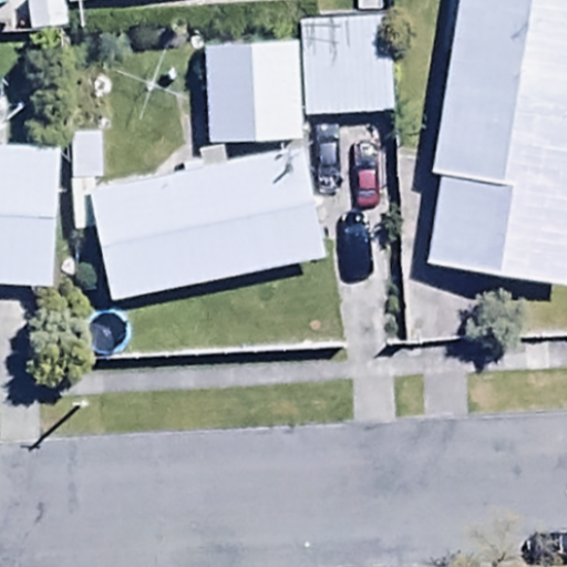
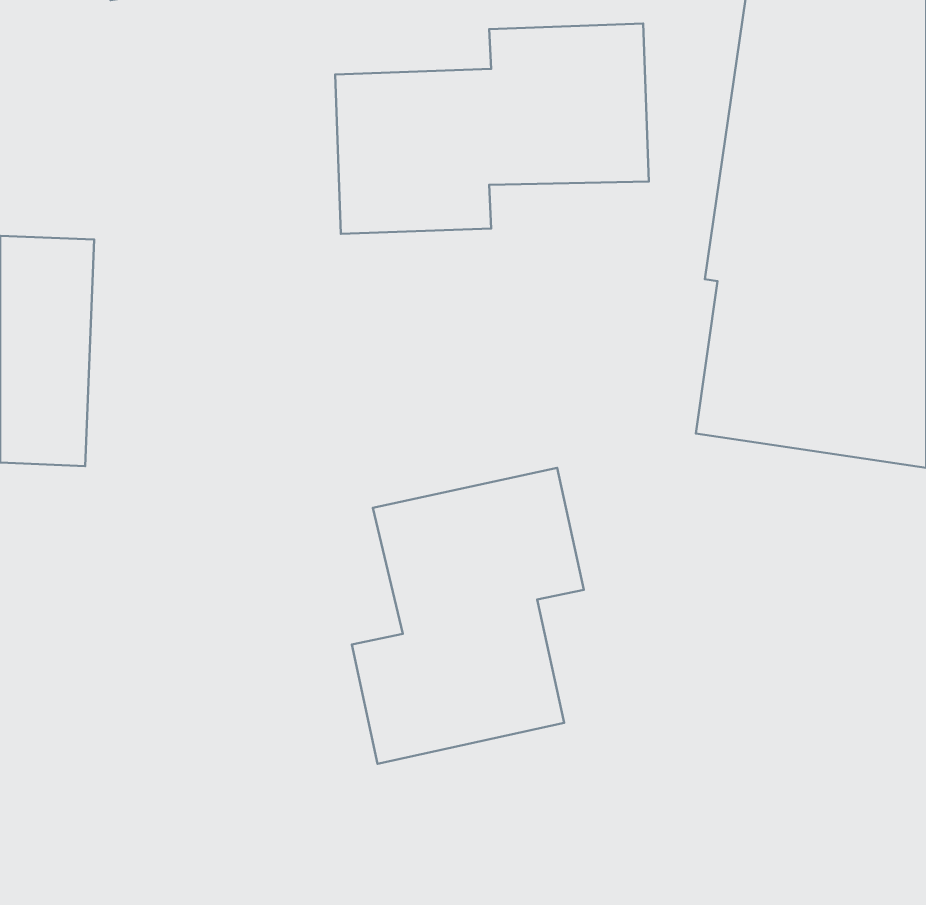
building: [90,144,324,301] -> none
building: none -> [352,468,584,764]

